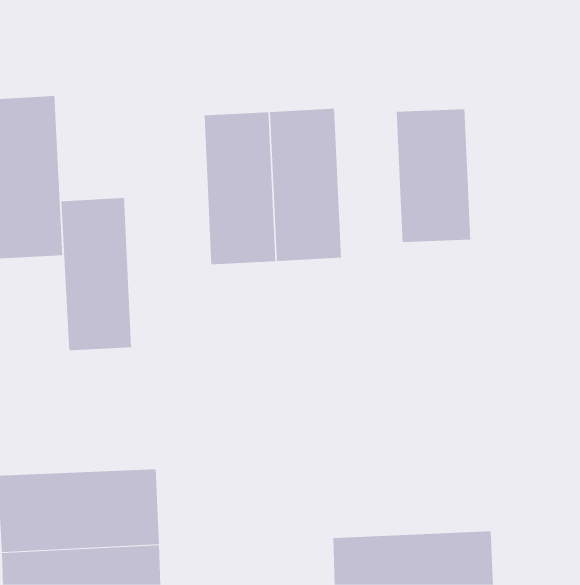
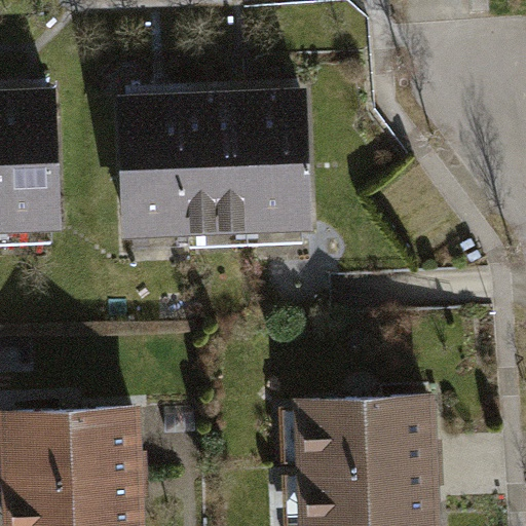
building: [396,108,471,243] -> none
building: [61,198,132,351] -> [124,103,188,239]
building: none -> [294,405,439,480]

